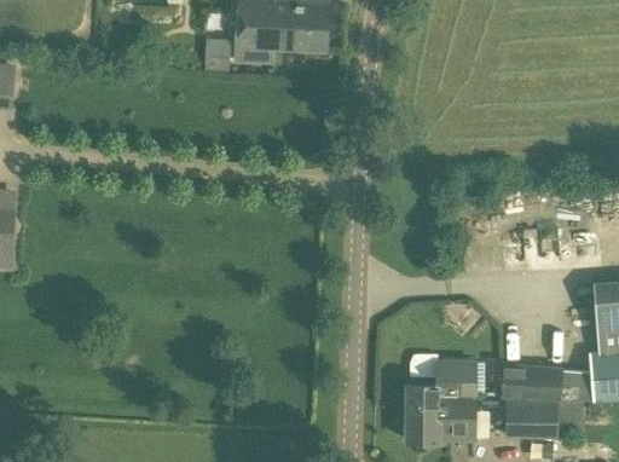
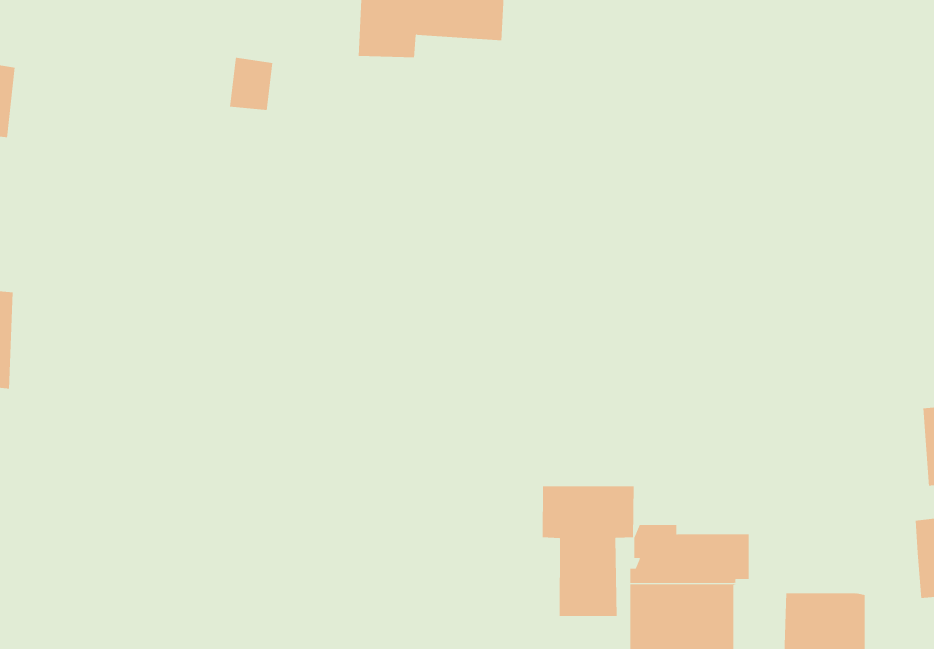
building: [203,36,231,70] -> [229,57,273,111]
building: none -> [542,486,634,617]
building: [501,365,591,404] -> none

